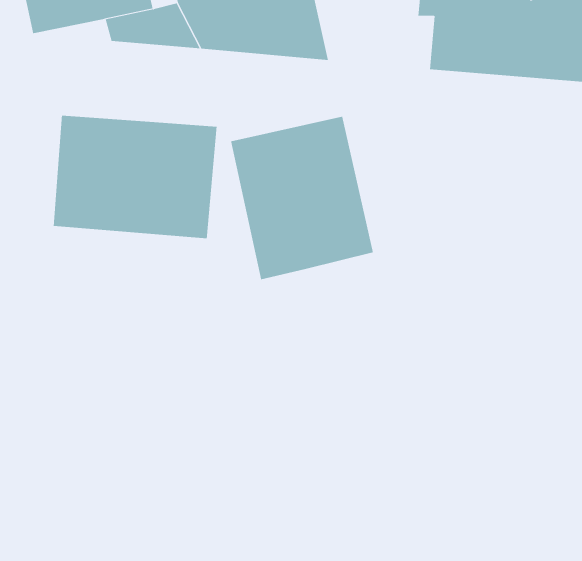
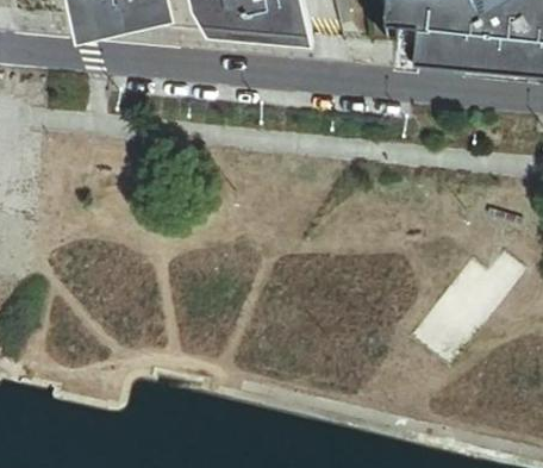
building: [53,115,217,239] -> none
building: [230,116,374,280] -> none

